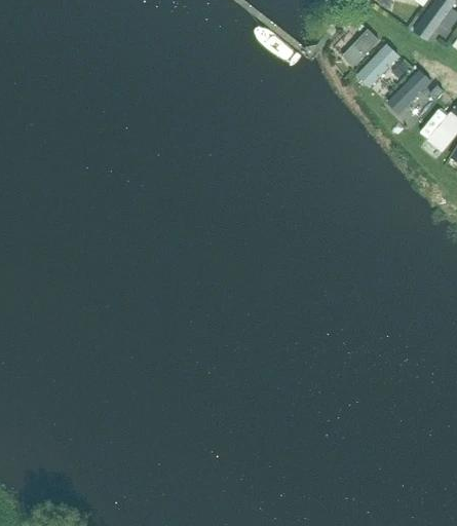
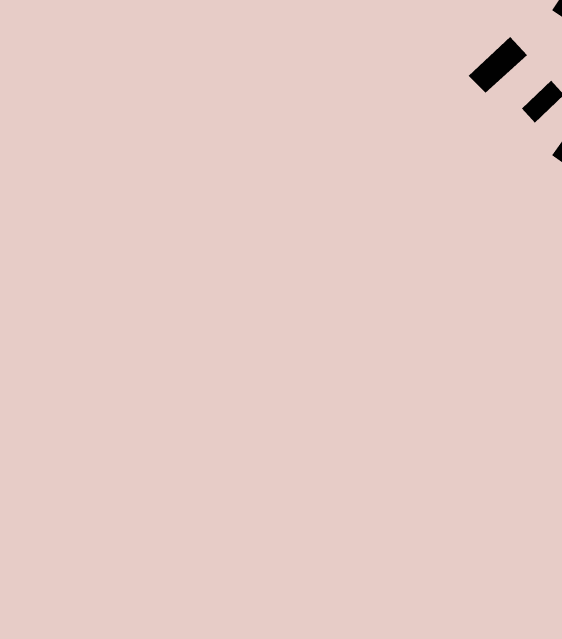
building: [344,29,380,66] -> none

